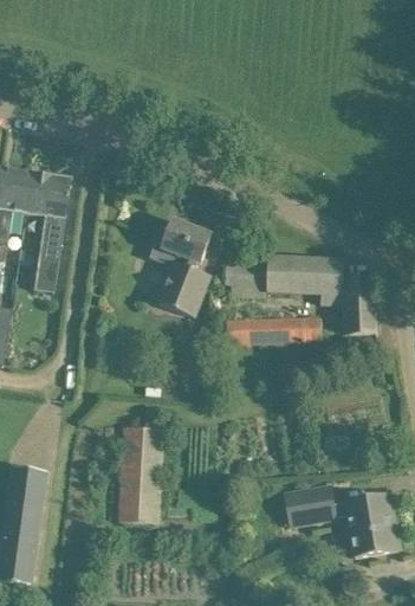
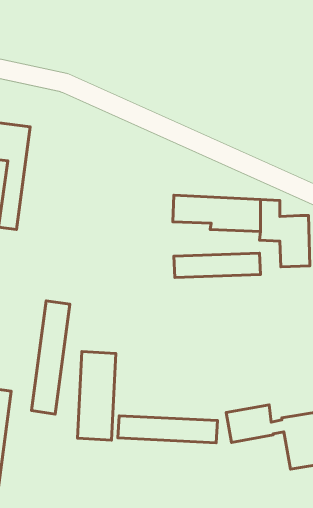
building: [149,219,210,316] -> none
building: none -> [31,301,70,414]
building: none -> [118,416,218,443]

